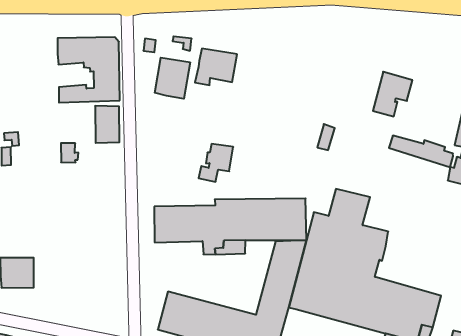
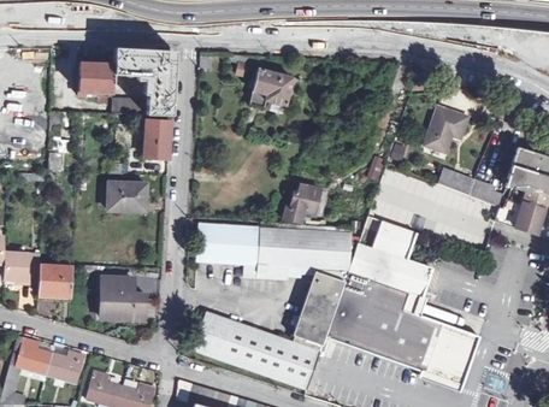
building: none -> [78,64,112,96]
building: [155,58,190,99] -> none
building: [199,144,233,182] -> [282,185,319,224]
building: none -> [107,183,146,212]
building: none -> [100,278,144,319]

